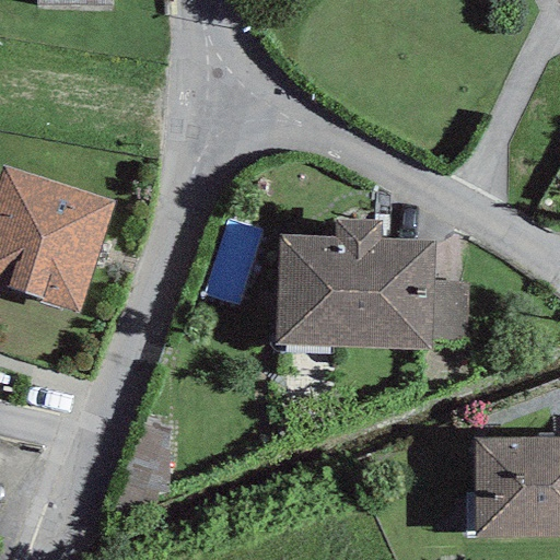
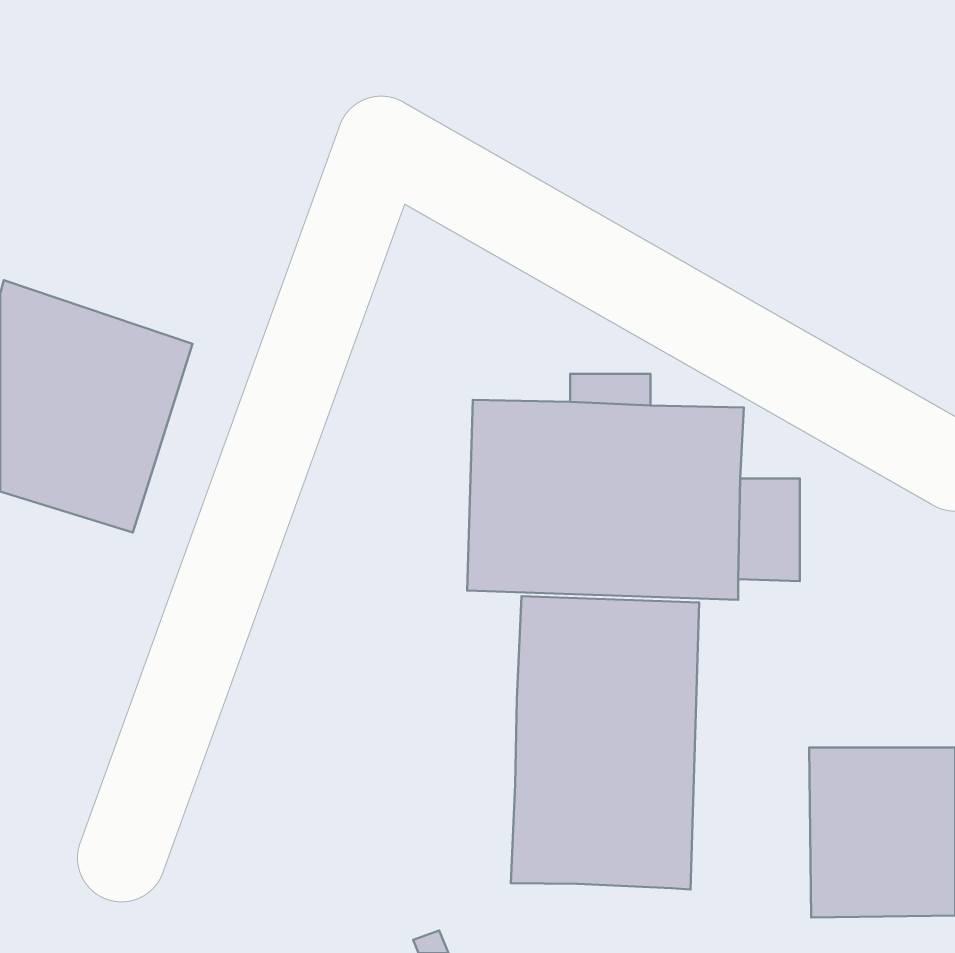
building: none -> [511,596,699,890]

